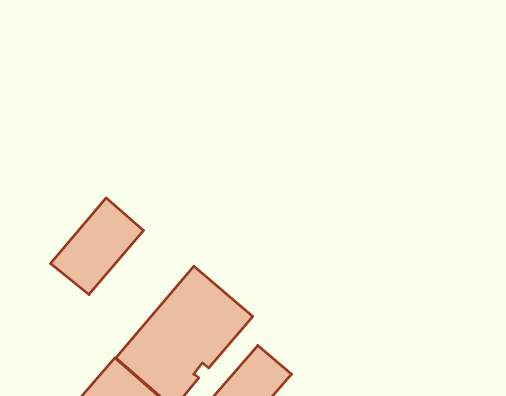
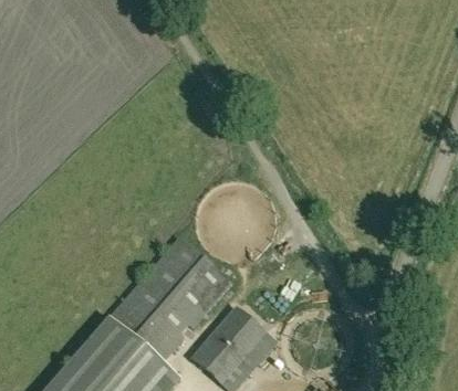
building: [50,198,144,295] -> none

